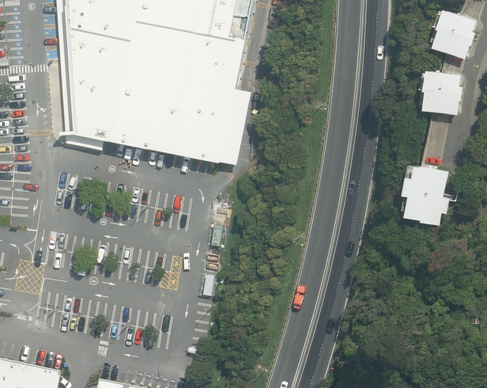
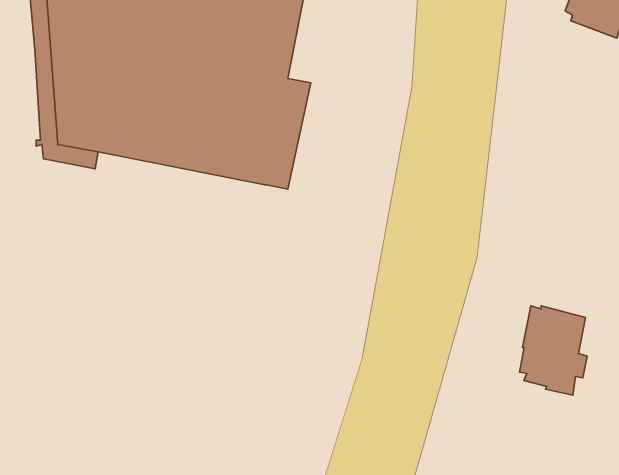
building: [418,69,460,113] -> none
building: [402,163,449,225] -> [519,306,587,395]

